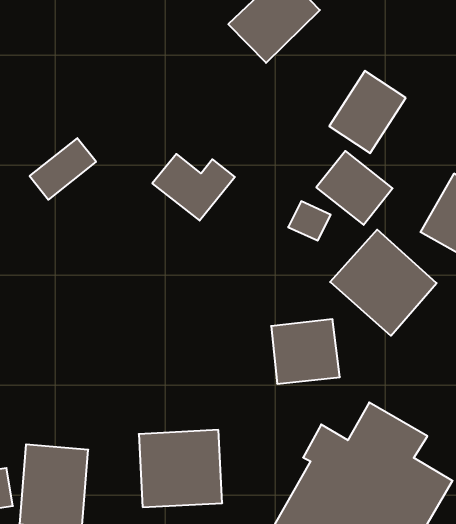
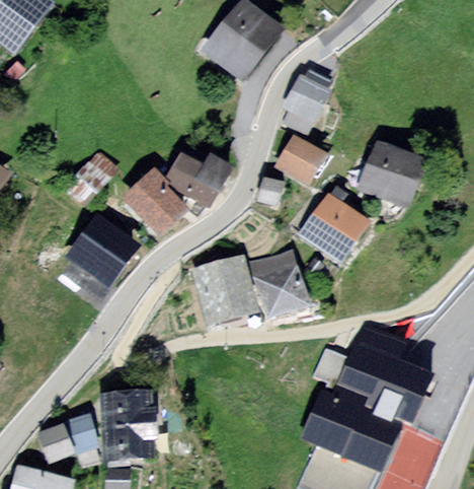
building: none -> [120,169,180,232]
building: none -> [66,219,130,283]
building: [139,430,222,507] -> [200,259,271,327]

